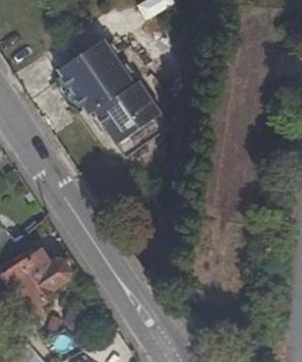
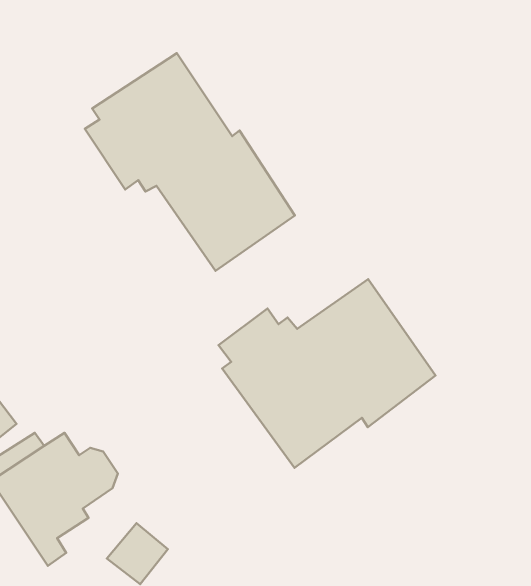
building: none -> [218,279,435,468]

